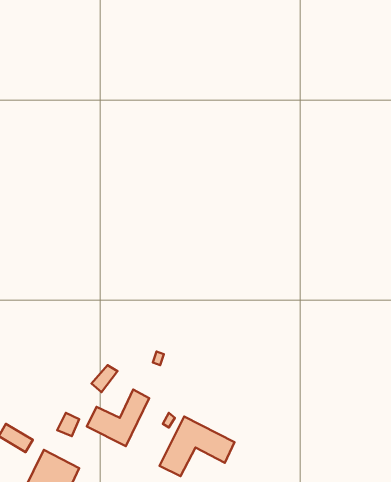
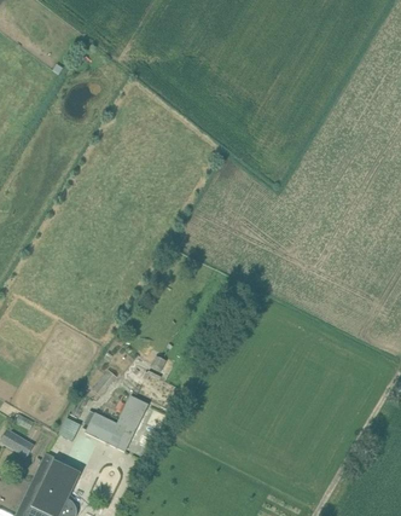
building: [160,416,234,476] -> none

